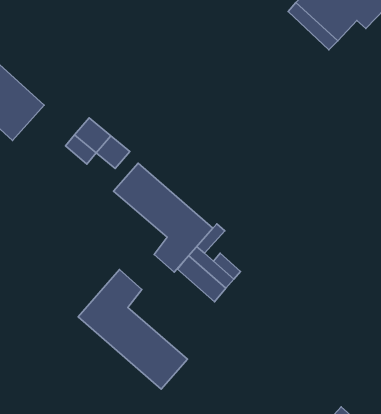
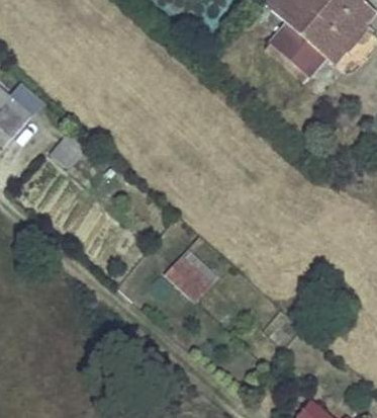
building: [114,163,213,272] -> none
building: [78,270,187,389] -> none

